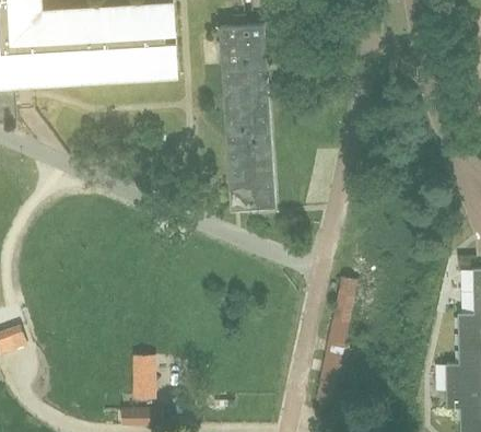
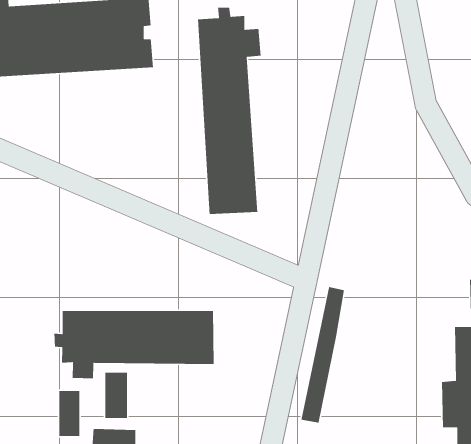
building: none -> [54,310,214,379]
building: none -> [59,390,80,437]

